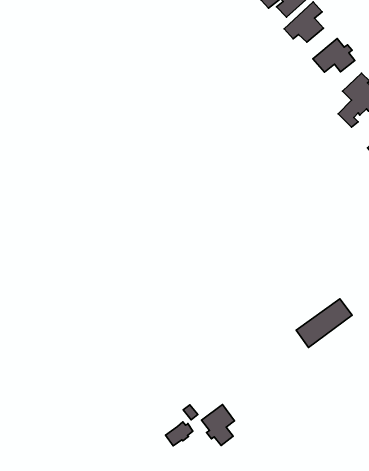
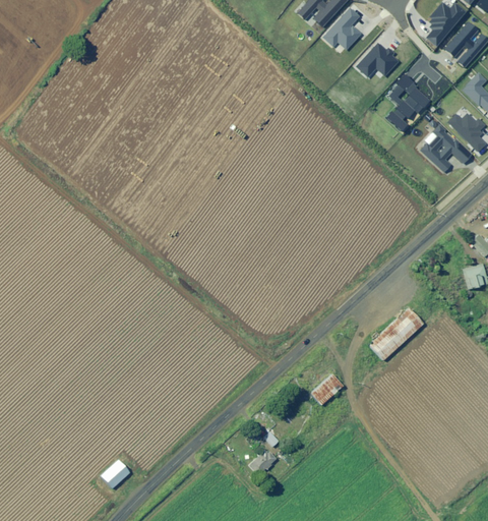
building: none -> [310,373,343,405]
building: [201,405,234,446] -> none
building: none -> [99,459,128,488]

